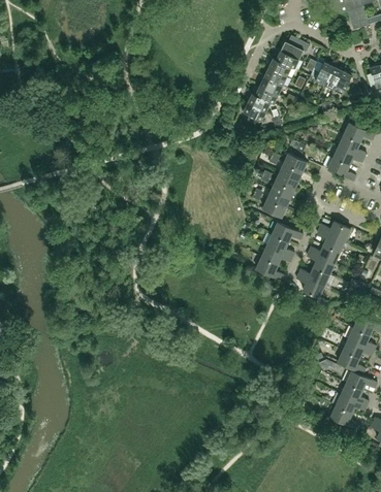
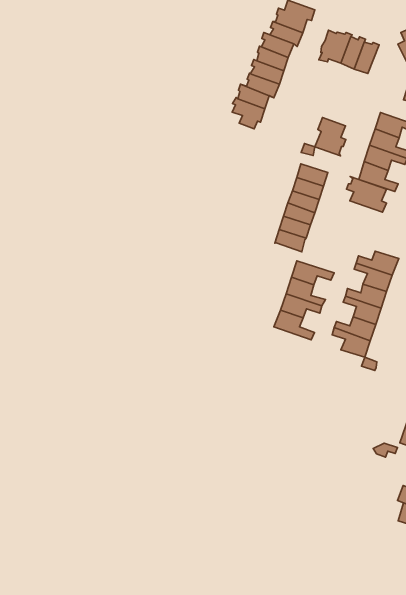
building: none -> [315,118,346,156]
building: none -> [346,176,387,212]

